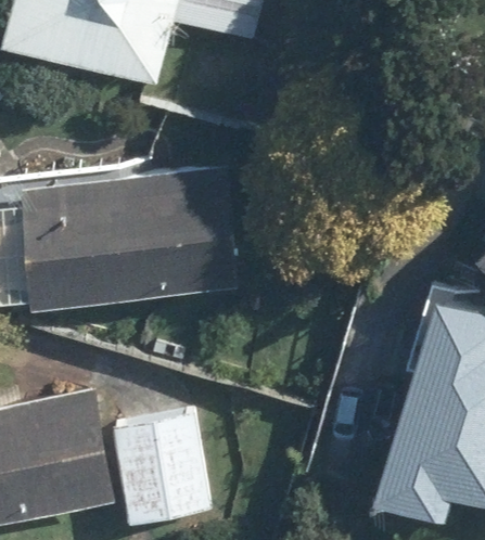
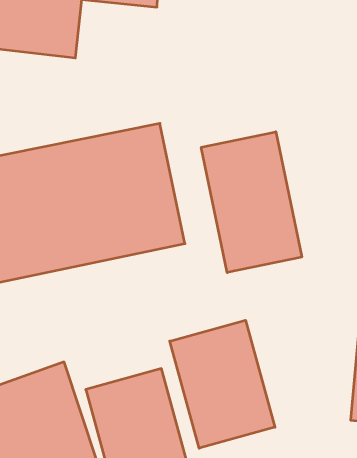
building: none -> [201,132,302,273]
building: none -> [170,320,275,448]

